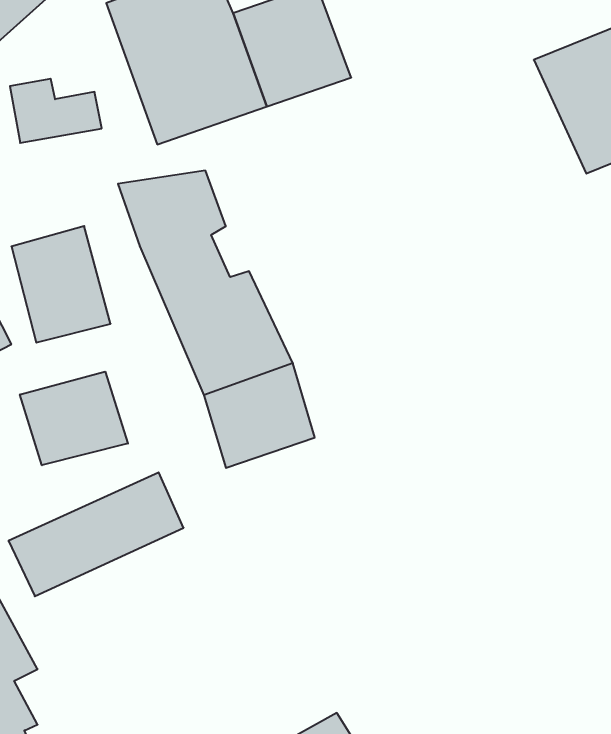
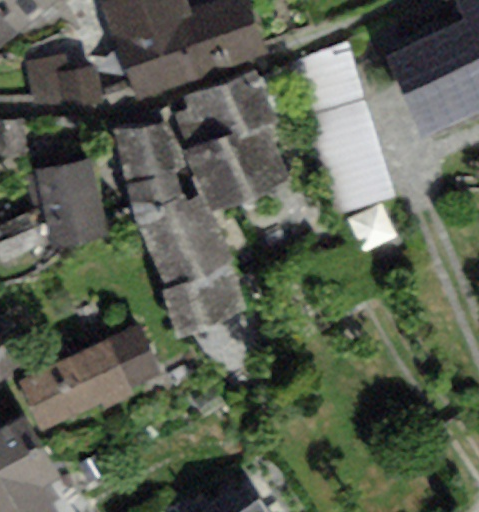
building: none -> [299,49,391,206]
building: none -> [178,74,282,203]
building: [20,372,128,465] -> none

